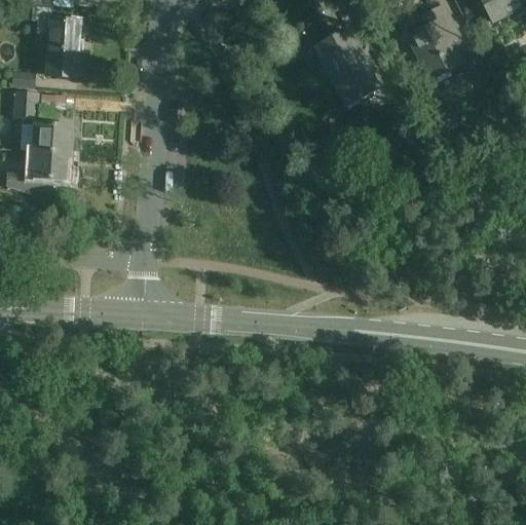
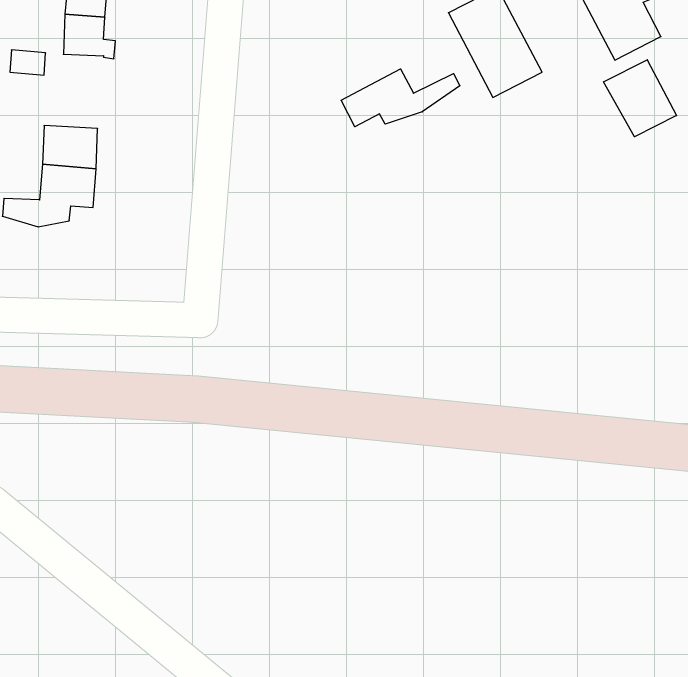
building: none -> [604,60,677,137]
building: none -> [341,69,460,127]
building: [12,89,37,117] -> none

